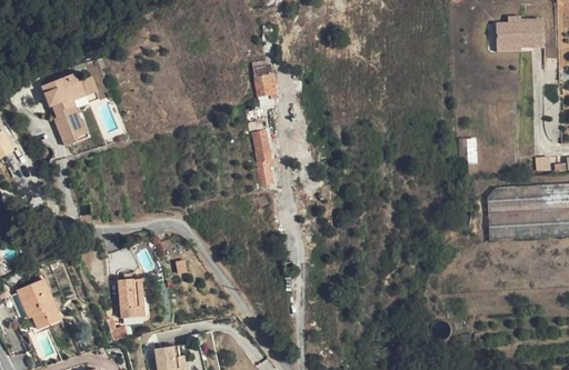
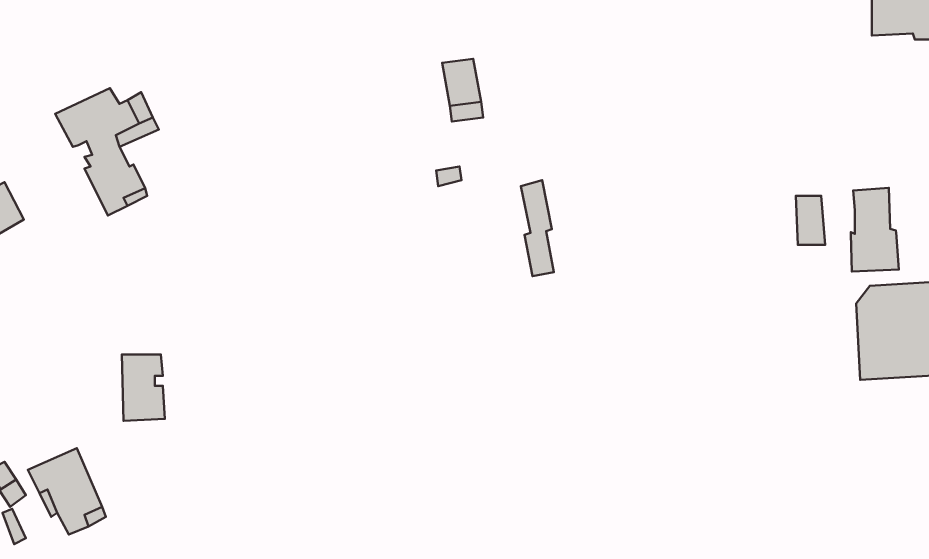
building: [252,129,271,183] -> [521,180,554,276]
building: none -> [851,188,899,271]
building: [120,278,144,316] -> [122,354,165,421]

